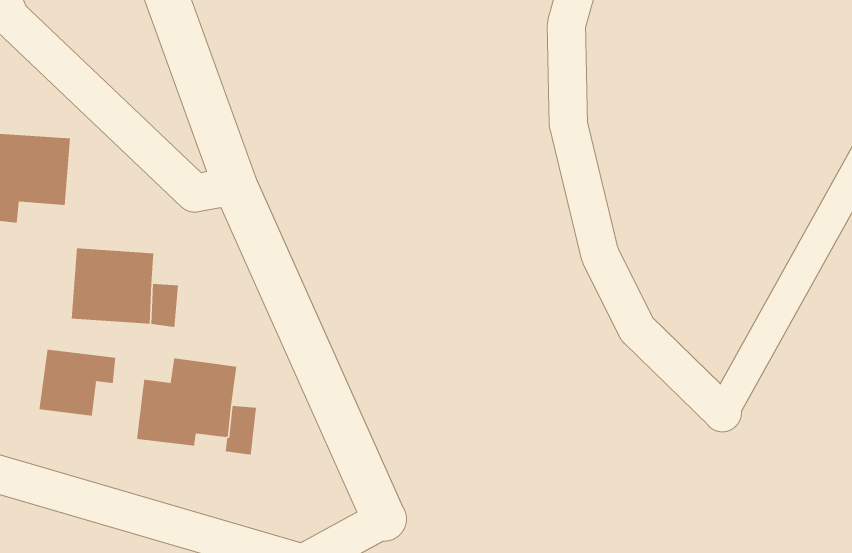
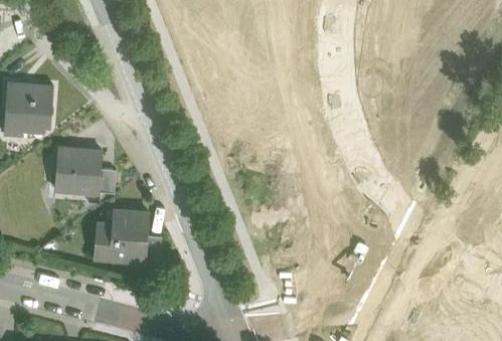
building: [39,349,116,416] -> none

